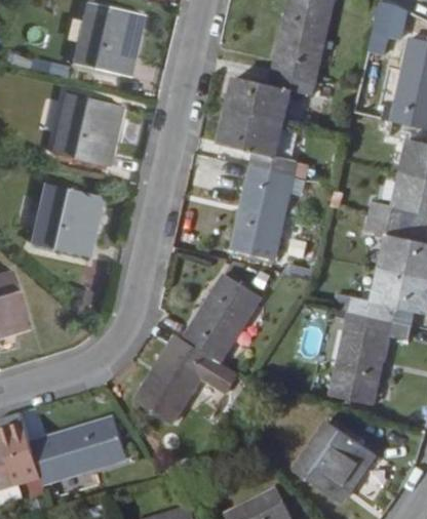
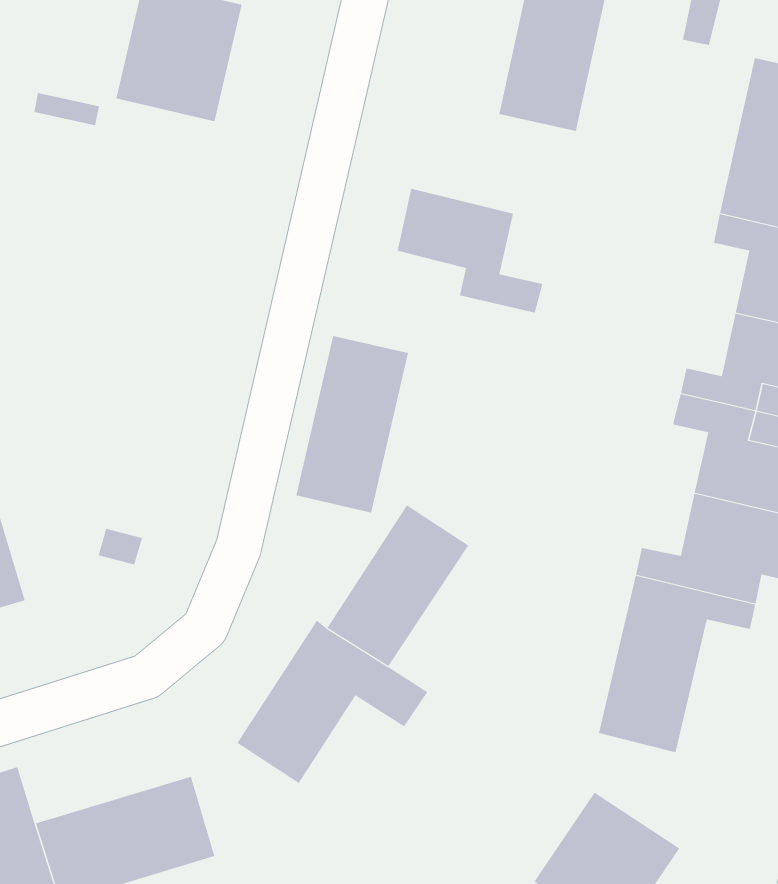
building: [229,70,316,122] -> none
building: [52,91,119,164] -> none
building: [235,165,295,258] -> [296,335,409,513]
building: [33,182,100,255] -> none

